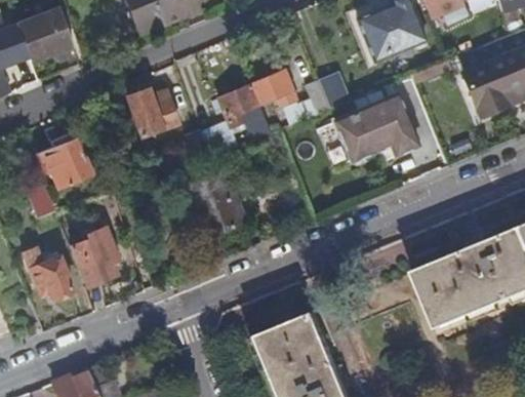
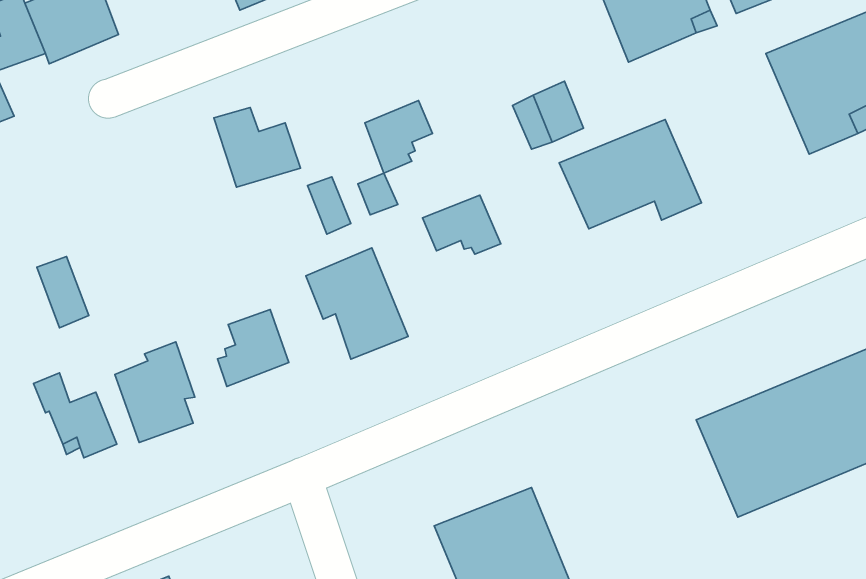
building: [249,71,295,106] -> [423,195,501,254]
building: [37,133,92,188] -> none
building: none -> [217,310,289,387]

